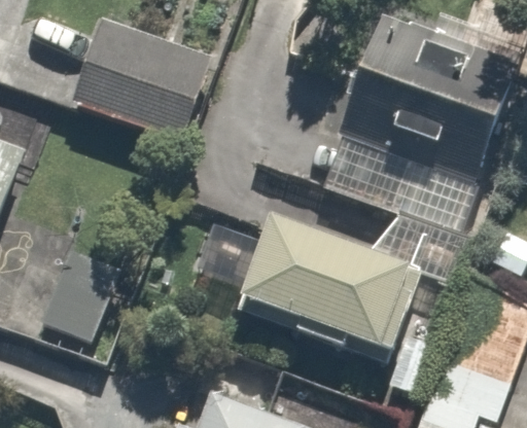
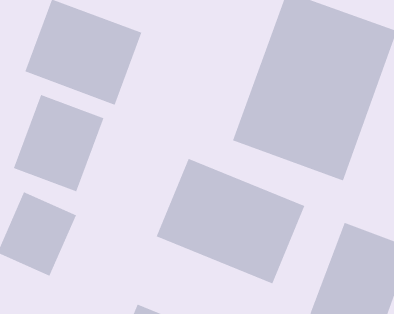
building: none -> [13,94,104,192]

